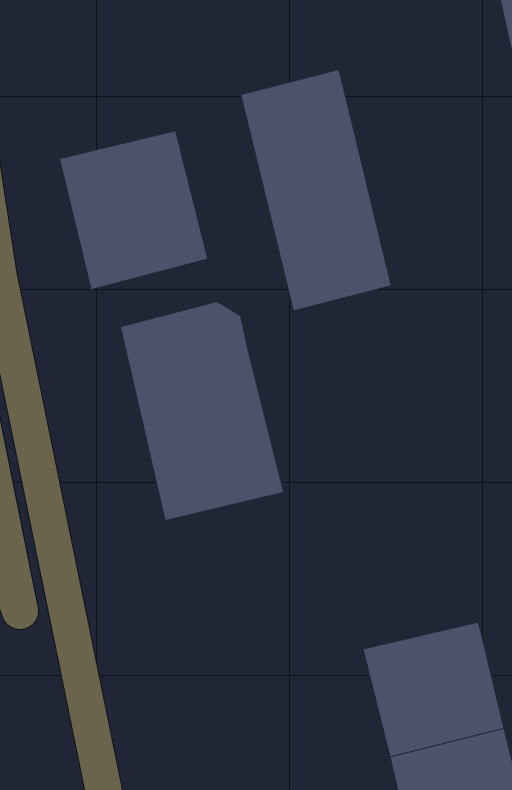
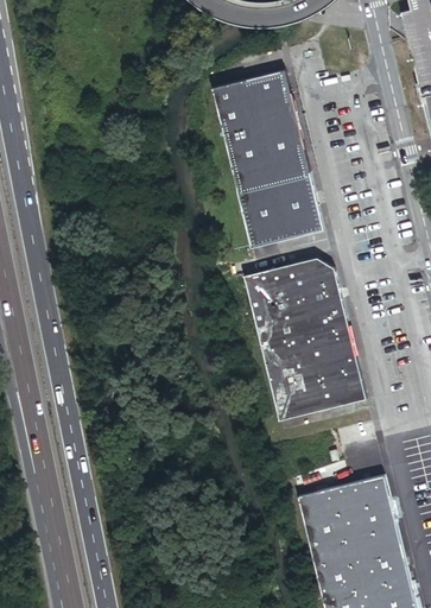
building: [59,130,208,290] -> none
building: [120,302,284,521] -> [243,256,366,420]

